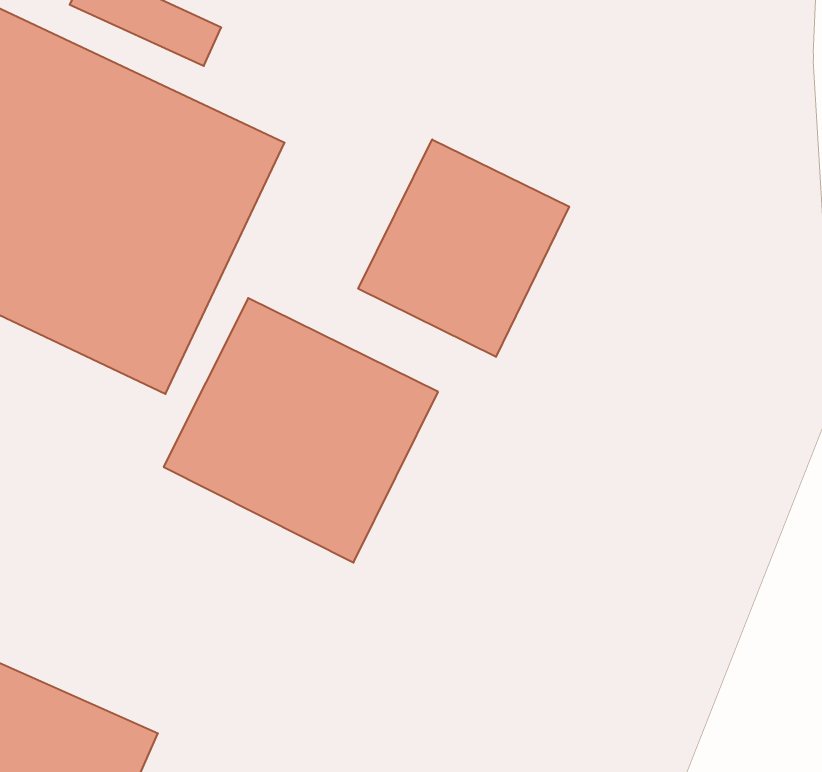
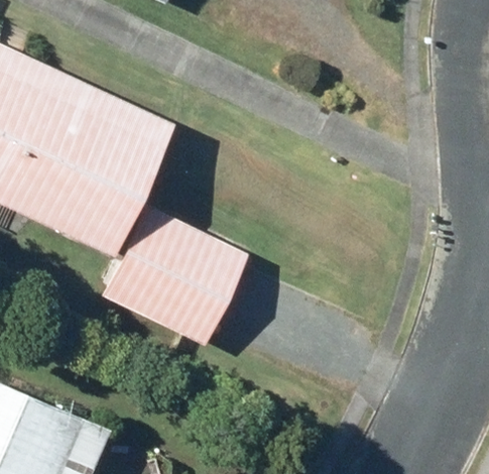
building: [358,139,569,357] -> none

